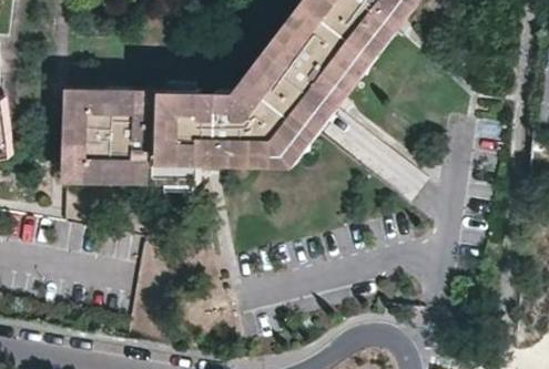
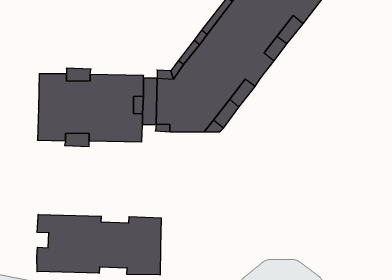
building: none -> [37,214,161,275]

